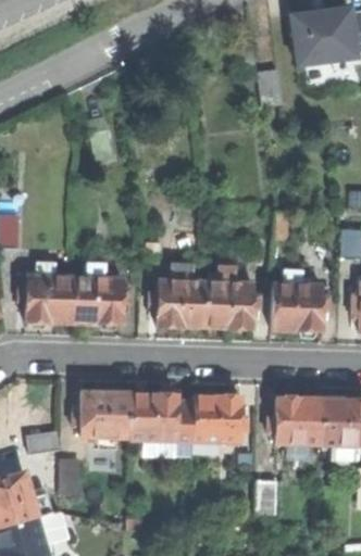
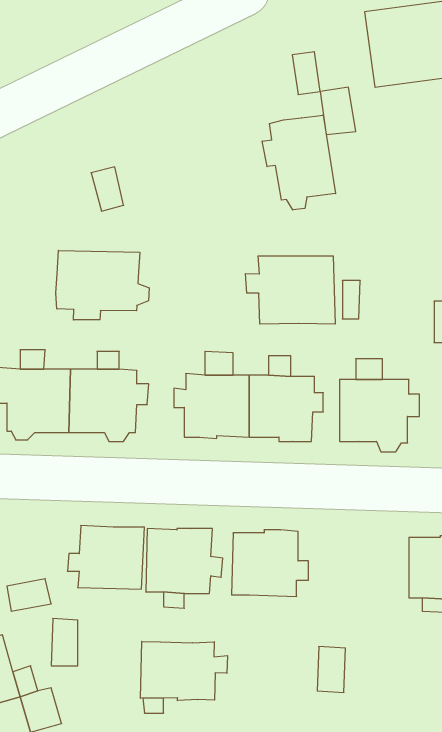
building: none -> [262,115,336,210]
building: none -> [56,250,149,320]
building: none -> [245,256,335,324]
building: [270,396,323,460] -> none
building: none -> [140,641,227,701]

